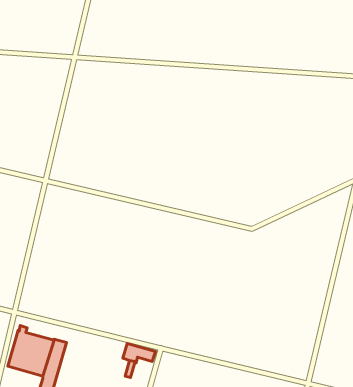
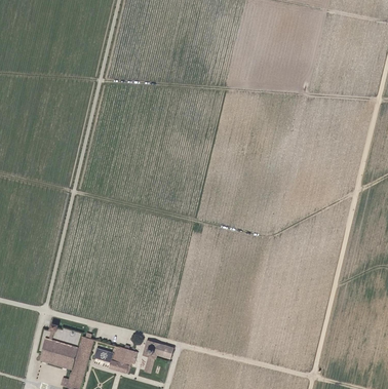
building: none -> [94,347,132,373]

